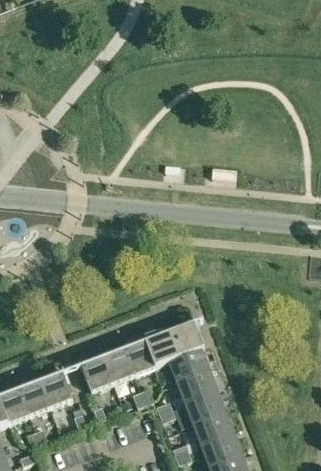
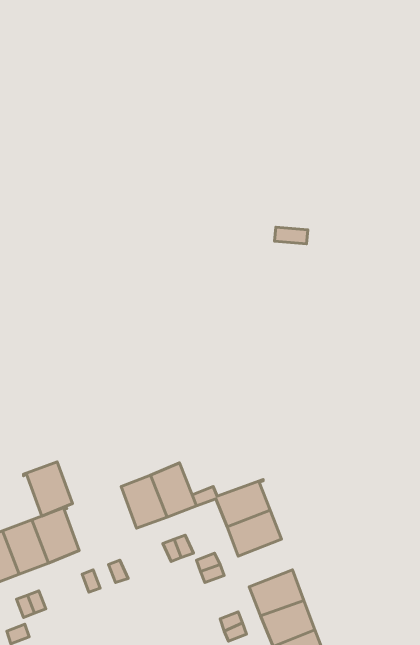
building: [143,323,203,360] -> none
building: [77,353,112,392] -> [24,462,72,516]
building: [185,391,224,425] -> none

